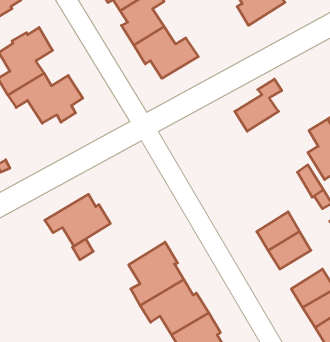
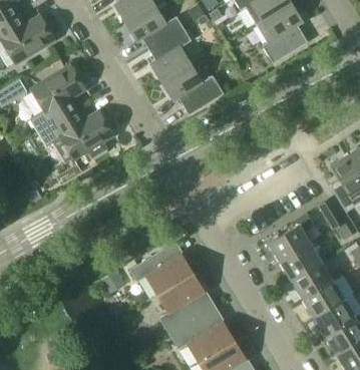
building: [235,79,282,131] -> [269,213,314,263]
building: [45,194,110,246] -> [129,245,193,295]
building: none -> [303,281,344,318]

